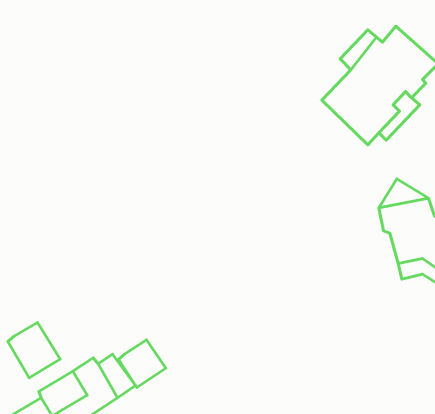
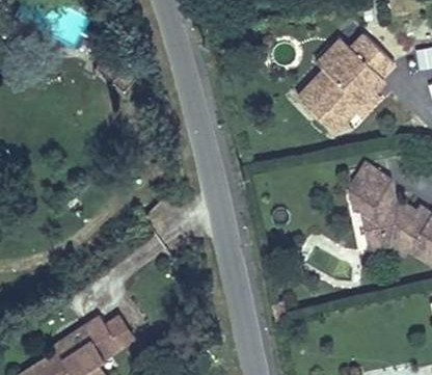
building: [8,322,60,378] -> none
building: [118,340,166,388] -> none

